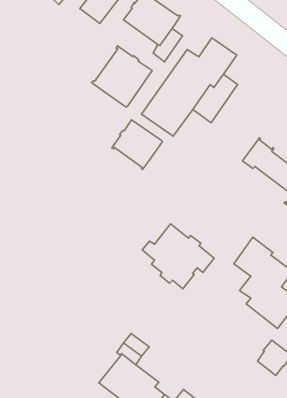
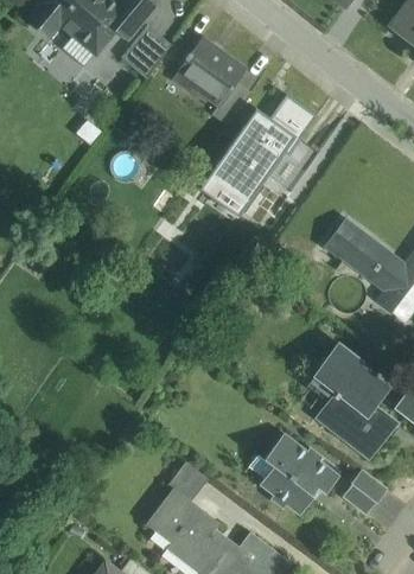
building: [91,46,152,107] -> none
building: [112,120,162,170] -> none
building: [142,224,214,289] -> [249,434,339,515]

